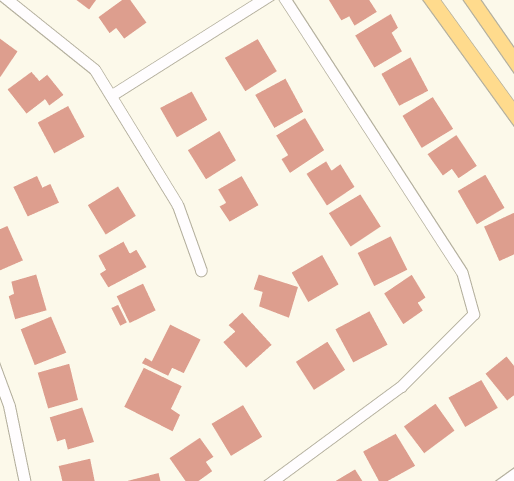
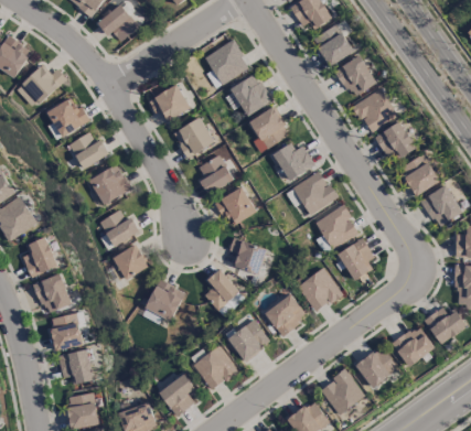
building: [13,175,60,217] -> [69,132,109,168]
building: [291,254,340,303] -> [216,186,257,227]
building: [123,367,182,432] -> none
building: none -> [227,319,270,362]

